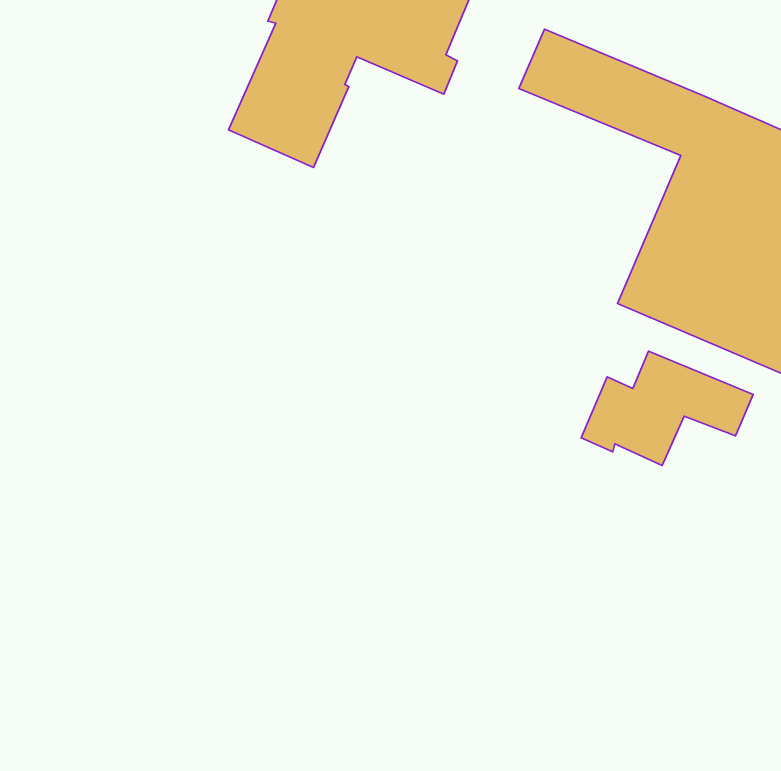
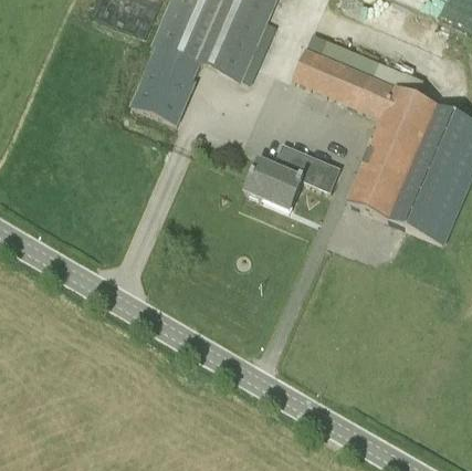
building: [581,351,753,466] -> [245,142,342,206]

